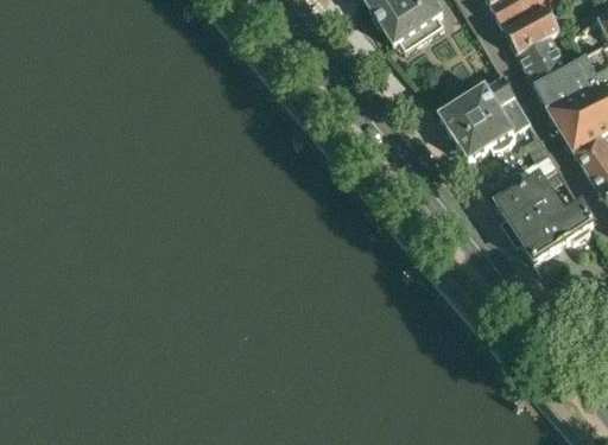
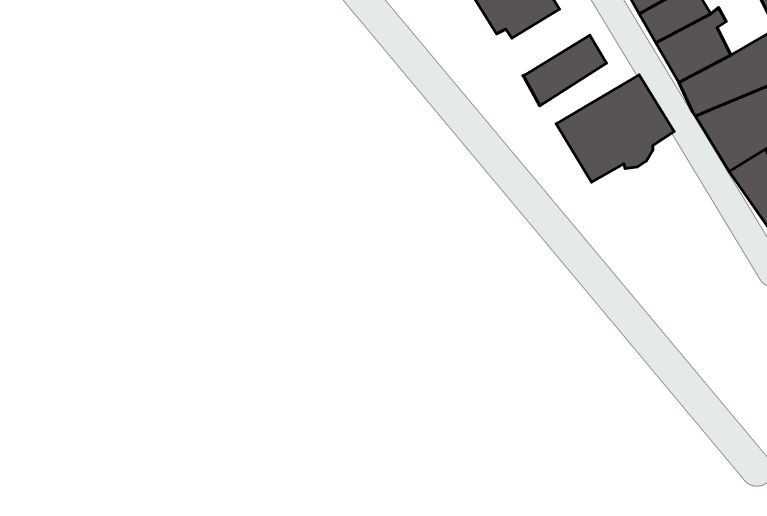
building: none -> [523,35,606,106]
building: [494,173,593,260] -> none

